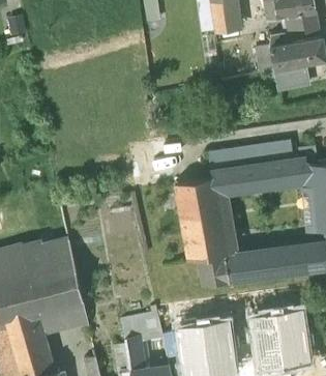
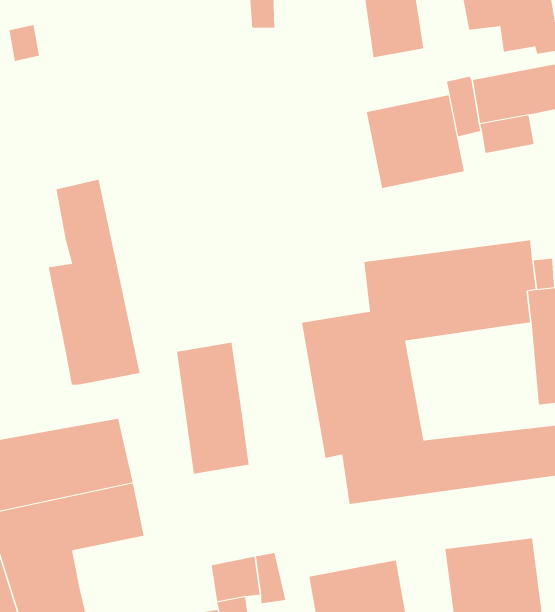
building: none -> [366,95,464,189]
building: none -> [48,179,140,385]
building: none -> [176,342,249,474]
building: [43,305,88,334] -> none

